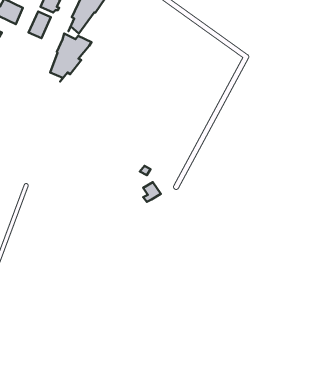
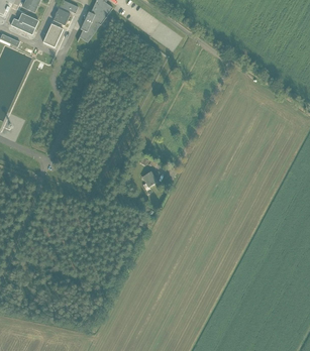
building: [50,33,92,81] -> none

